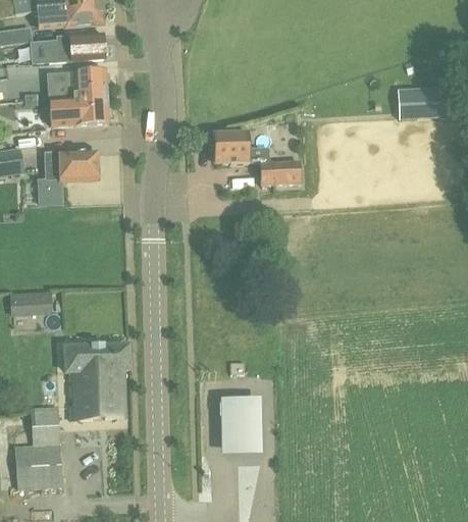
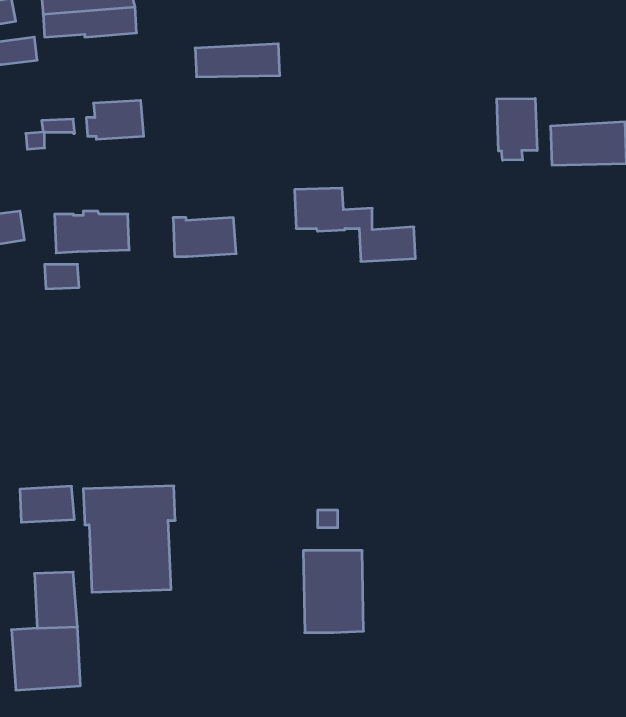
building: [44,39,104,62] -> [195,44,280,77]
building: none -> [497,98,537,160]
building: [64,97,109,124] -> [173,218,236,256]
building: [12,291,51,316] -> [20,486,74,522]

